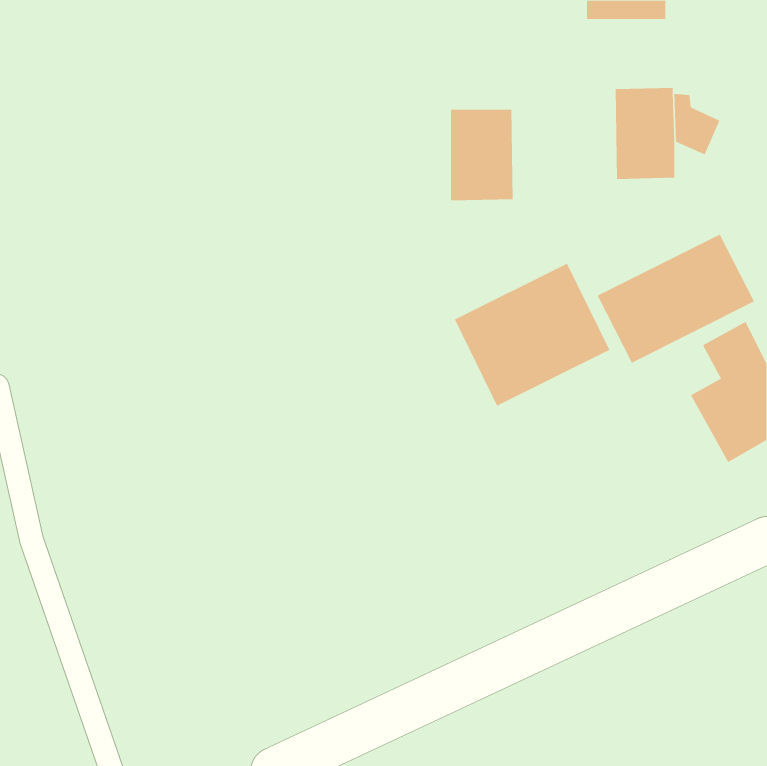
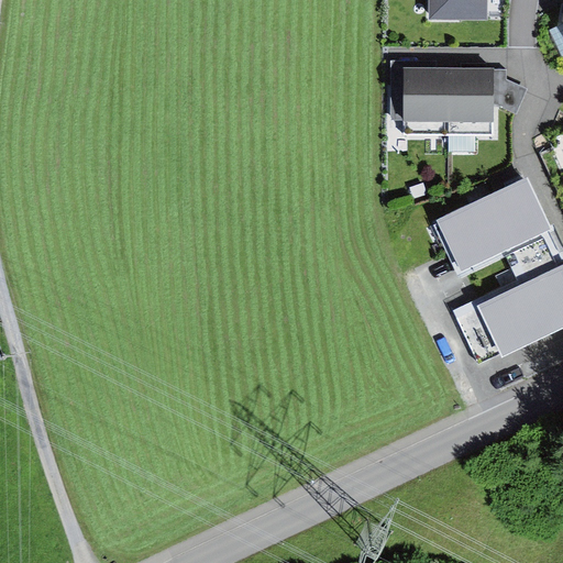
building: [450,109,514,201] -> [404,68,450,135]
building: [454,263,610,407] -> none
building: none -> [454,296,522,365]

